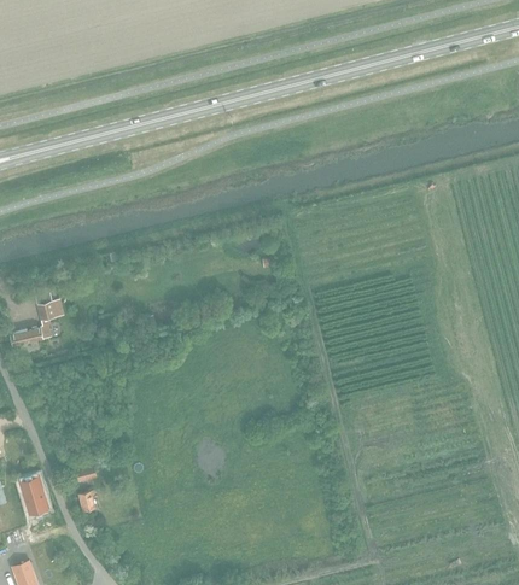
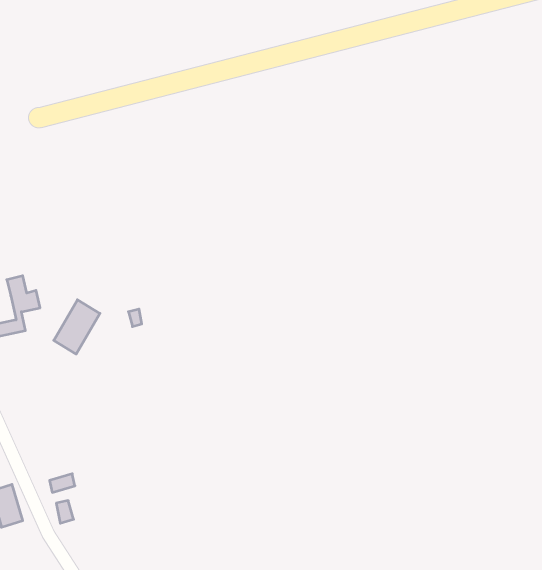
building: none -> [54,300,100,354]

